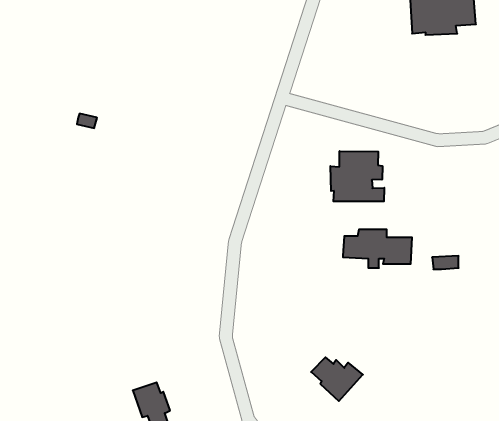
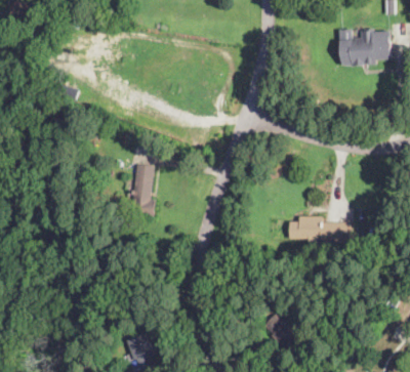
building: [330,151,384,201] -> none
building: none -> [130,164,154,216]

